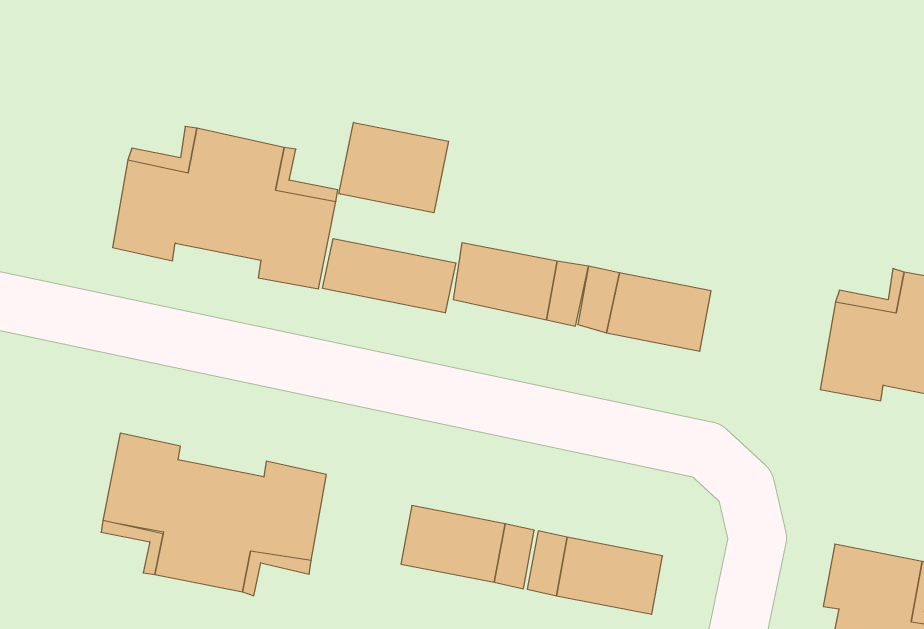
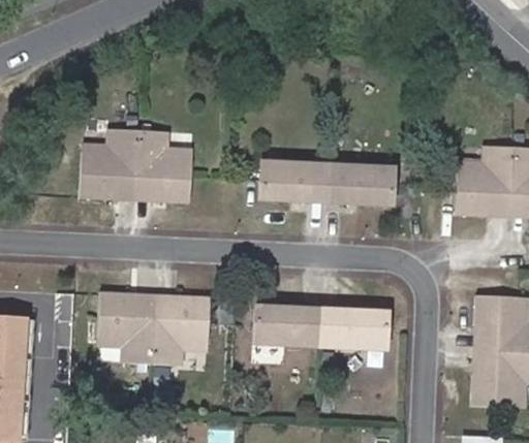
building: [339,122,449,213] -> none
building: [323,239,456,313] -> none

